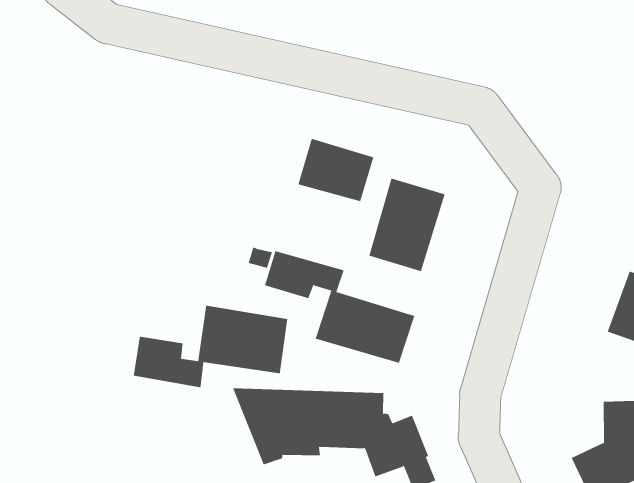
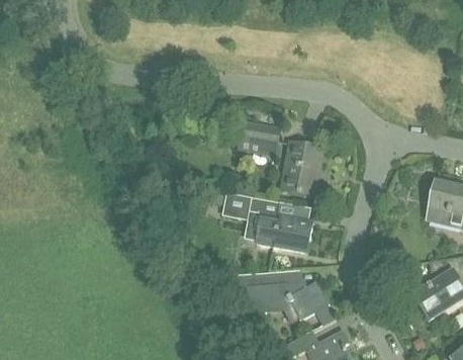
building: [133,305,288,388] -> none

